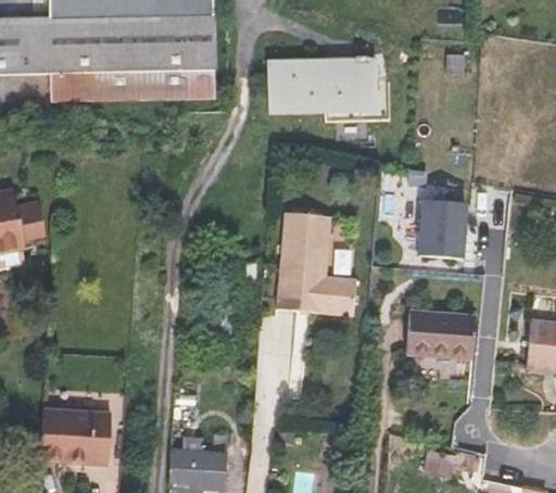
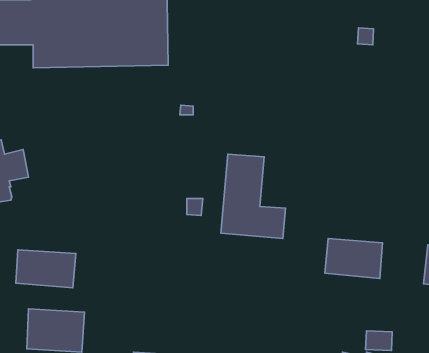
building: [267,61,376,113] -> none
building: [418,200,466,257] -> none
building: none -> [16,250,76,288]

